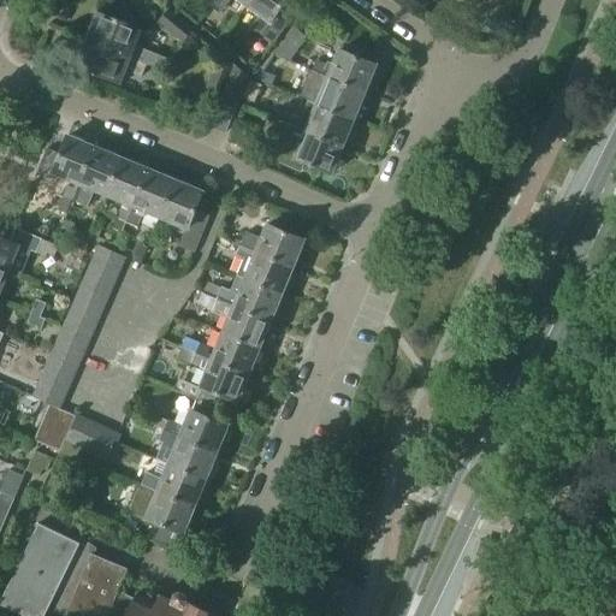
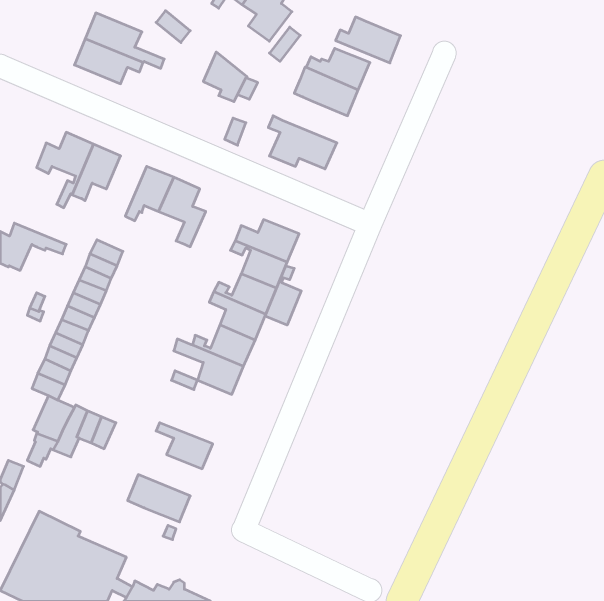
building: [288,99,354,146] -> [336,17,401,63]
building: [108,159,149,231] -> none
building: none -> [265,266,301,325]
building: [155,409,227,452] -> none
building: [141,458,206,505] -> none

